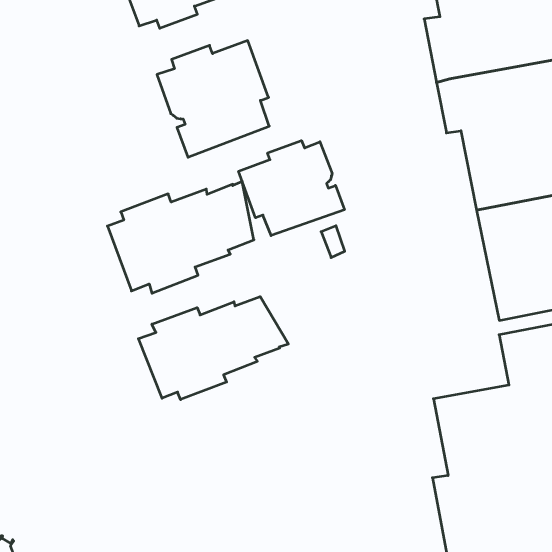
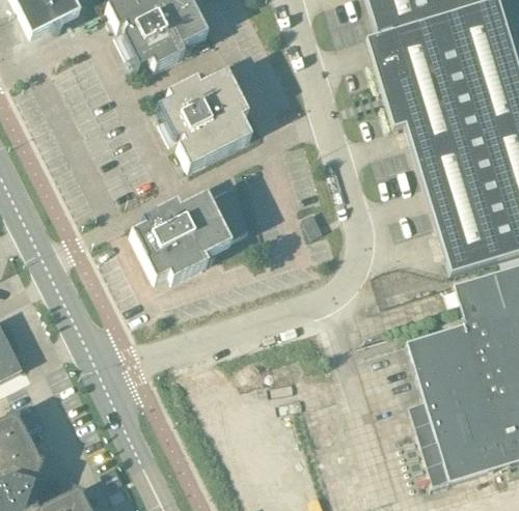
building: [239,141,344,236] -> none
building: [138,297,288,400] -> none

